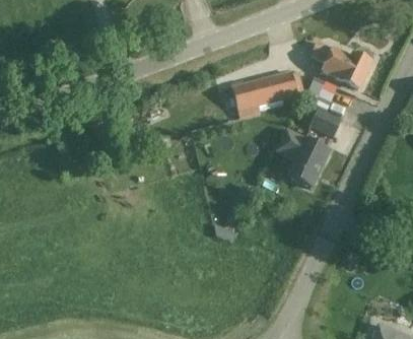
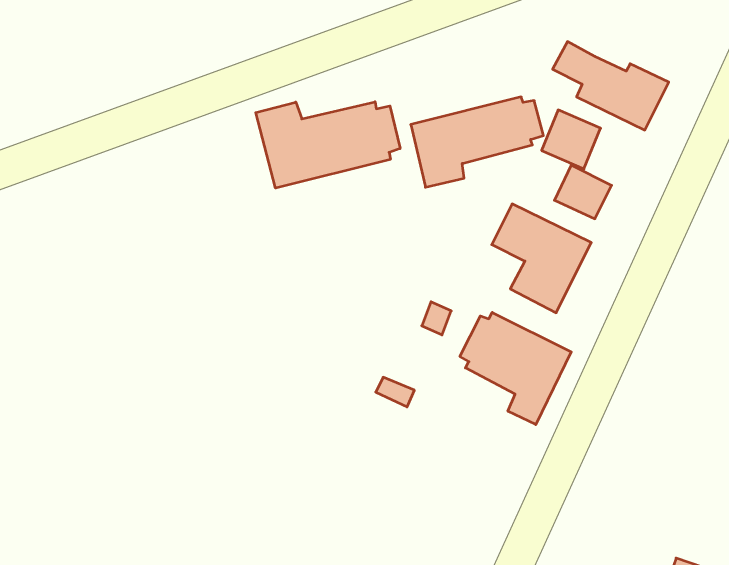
building: none -> [256,102,400,188]
building: none -> [460,312,571,425]

